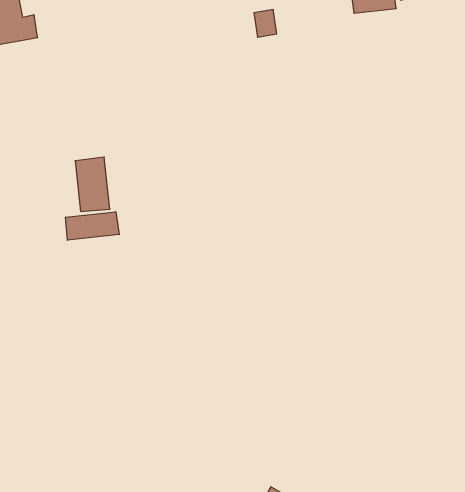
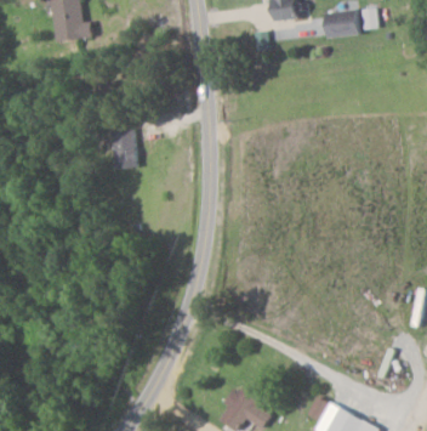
building: [66,212,119,240] -> none

